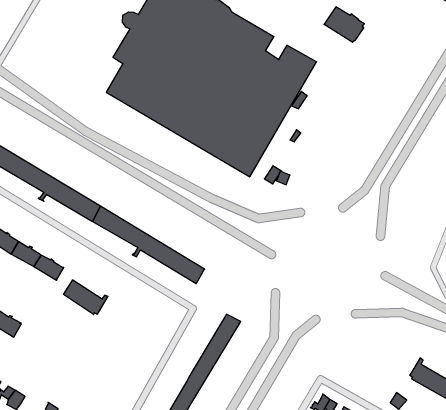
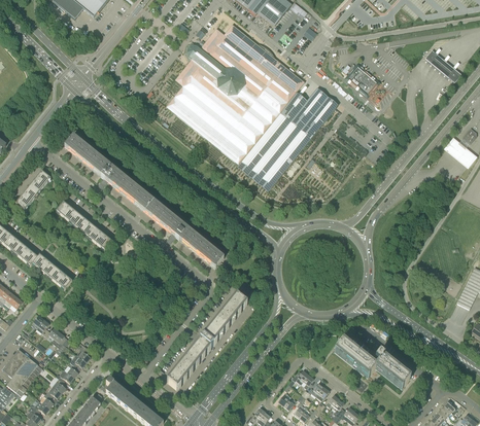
building: [64,280,108,315] -> none
building: none -> [334,340,384,377]

